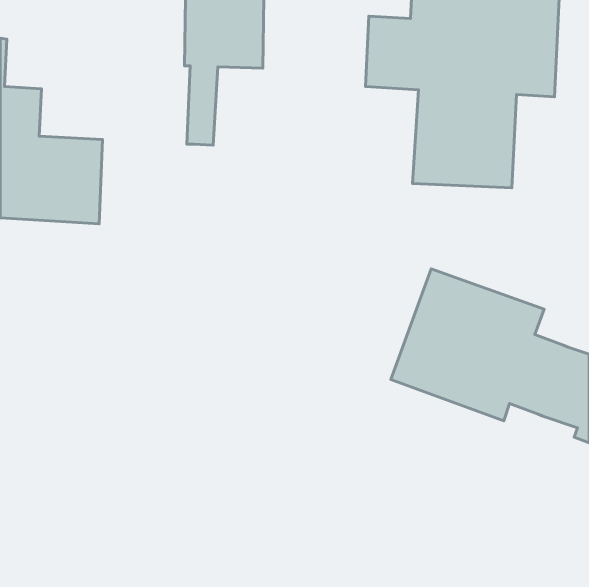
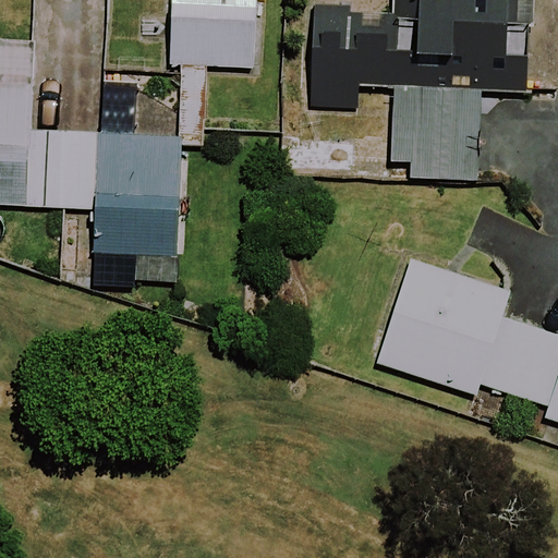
building: none -> [89,85,183,283]

